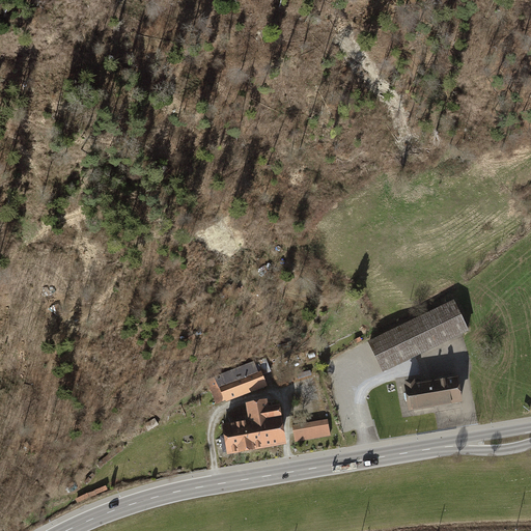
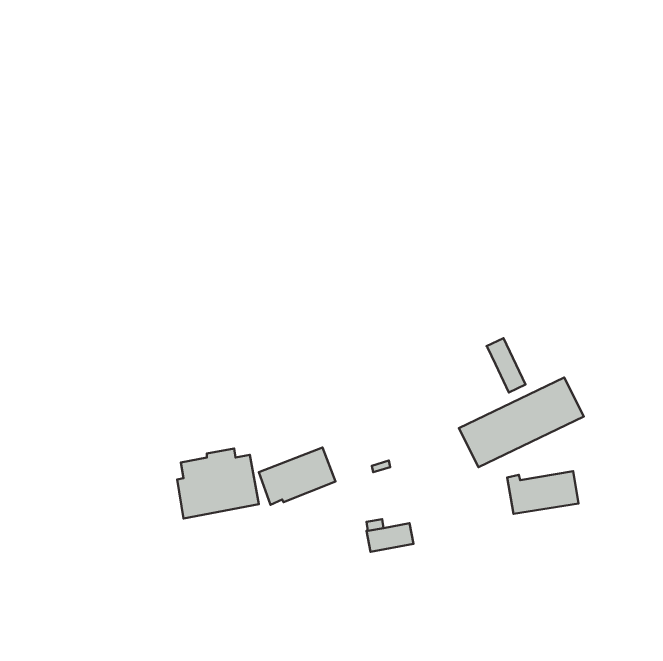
building: none -> [487,338,526,392]
building: [223,399,288,455] -> [177,448,259,519]

